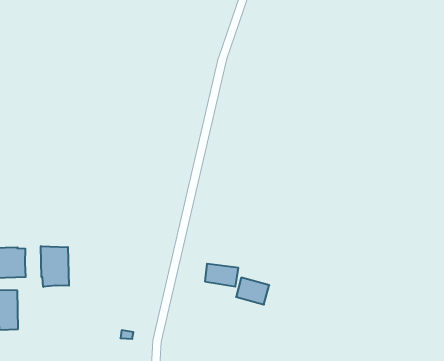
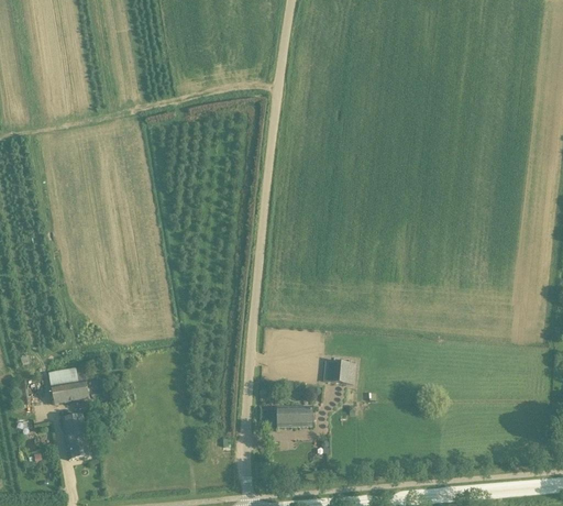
building: [41,246,69,287] -> none
building: [205,264,238,287] -> [276,405,311,426]

